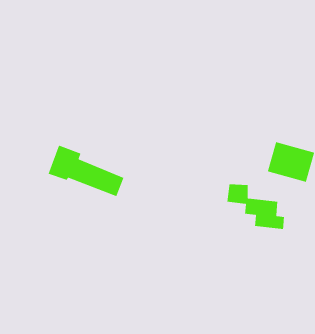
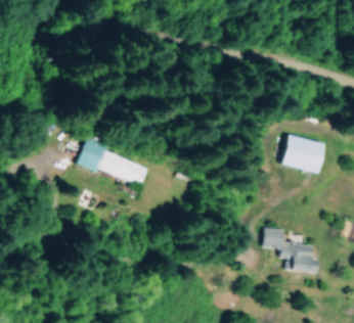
building: [226,183,285,230] -> [262,229,316,272]

